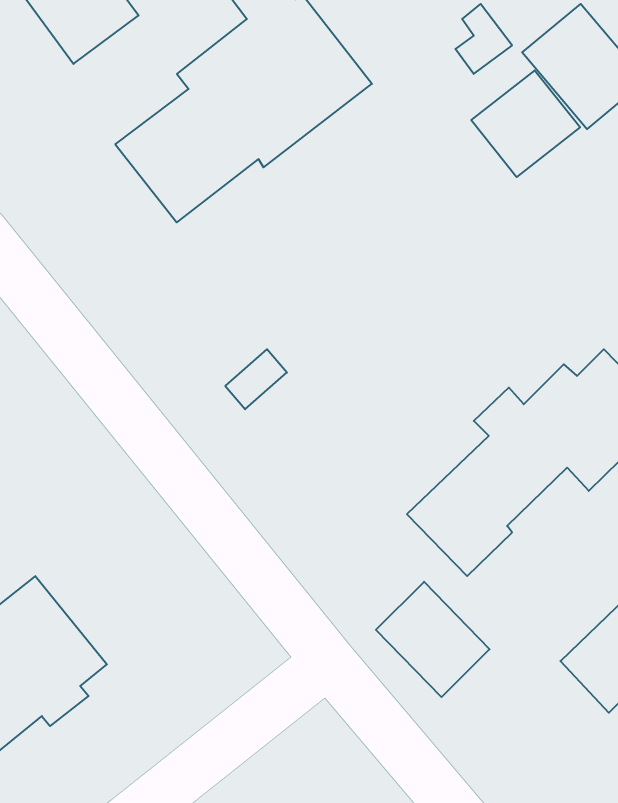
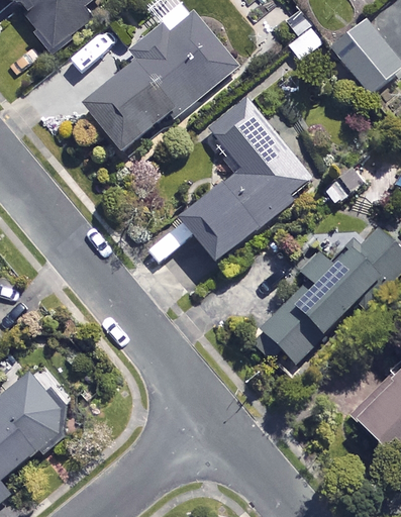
building: [471,70,580,177] -> none
building: none -> [177,99,314,261]
building: [376,582,490,697] -> none

